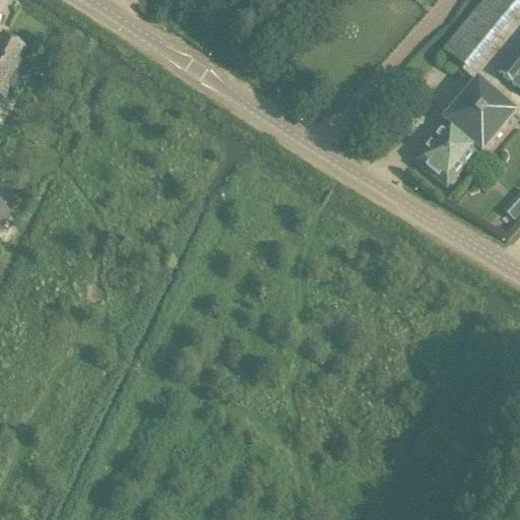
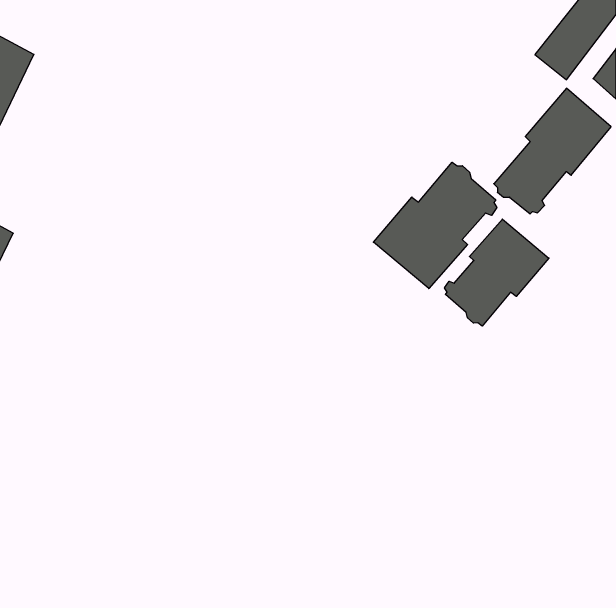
building: none -> [373,162,497,289]
building: none -> [445,219,549,326]

